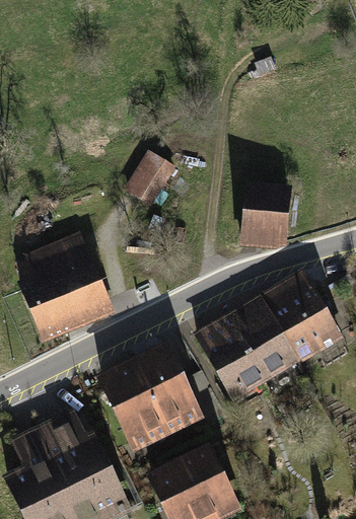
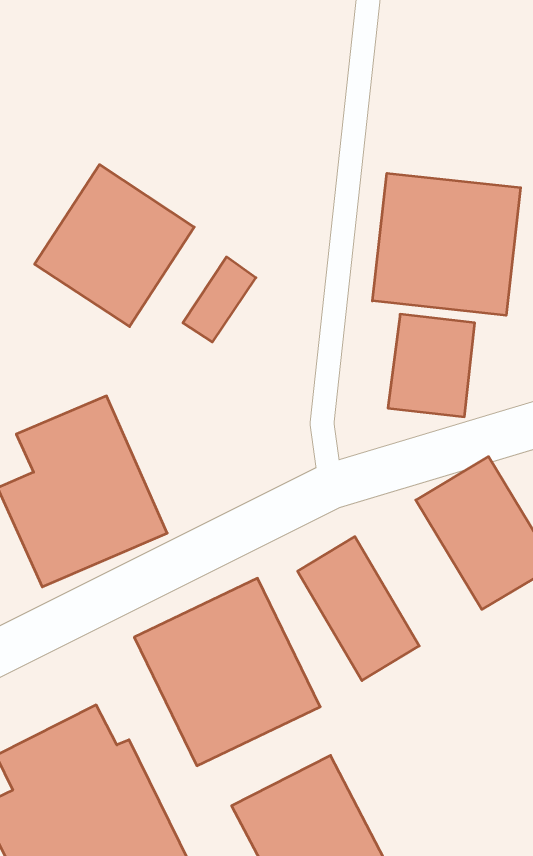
building: none -> [35,165,194,327]
building: none -> [372,173,521,315]
building: [225,295,299,380] -> none

